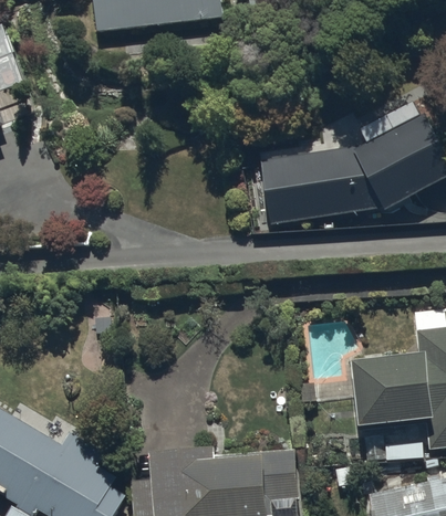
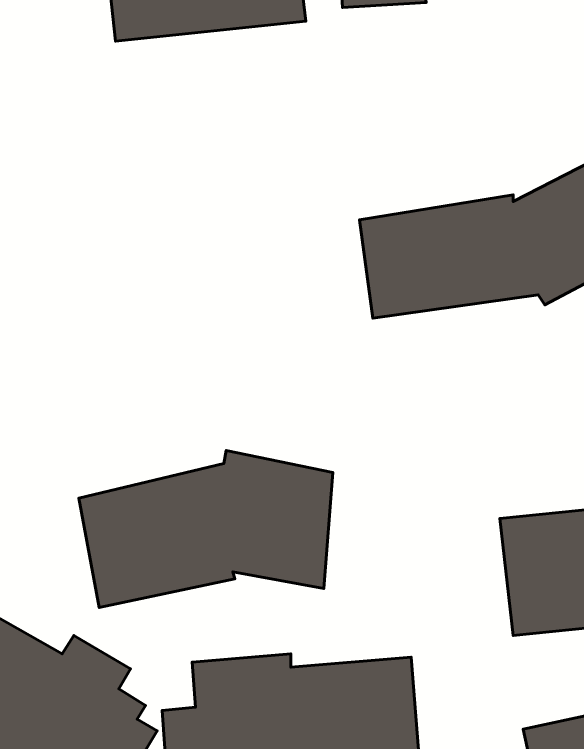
building: none -> [79,451,333,607]

